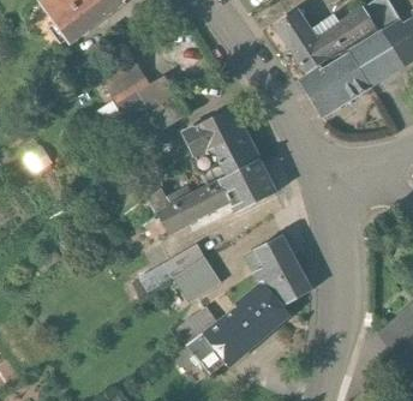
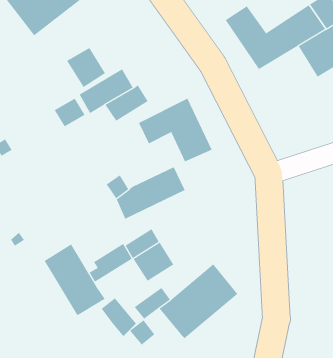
building: [300,50,372,116] -> none
building: [220,161,276,213] -> none
building: [246,239,310,307] -> none
building: none -> [44,244,105,316]
building: [187,330,226,372] -> [101,298,137,337]

